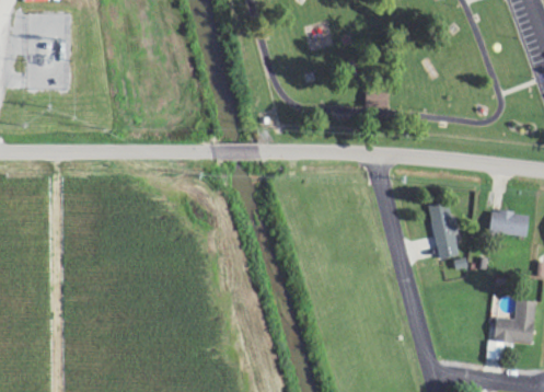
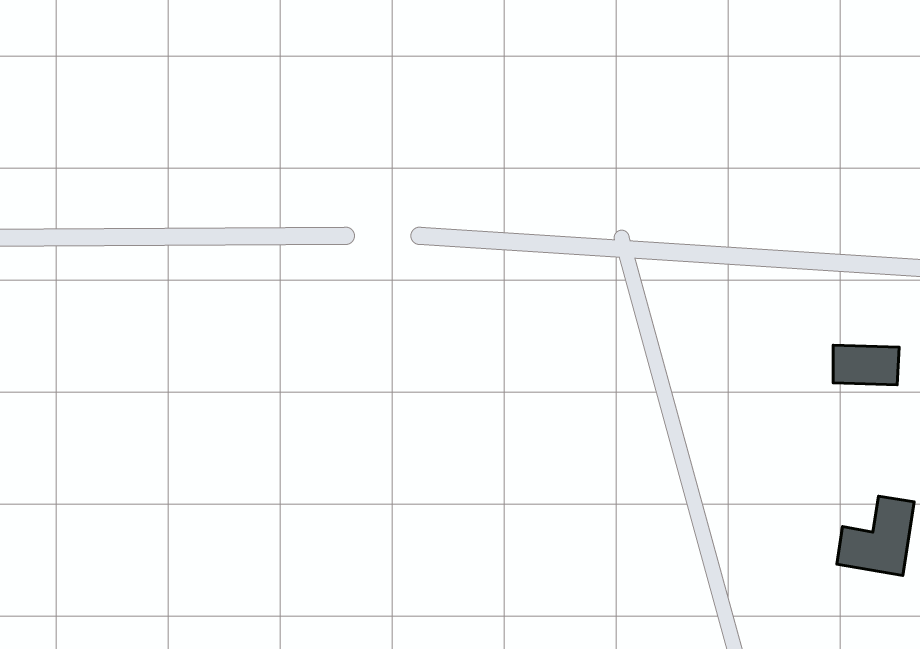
building: [429,203,458,260] -> none

